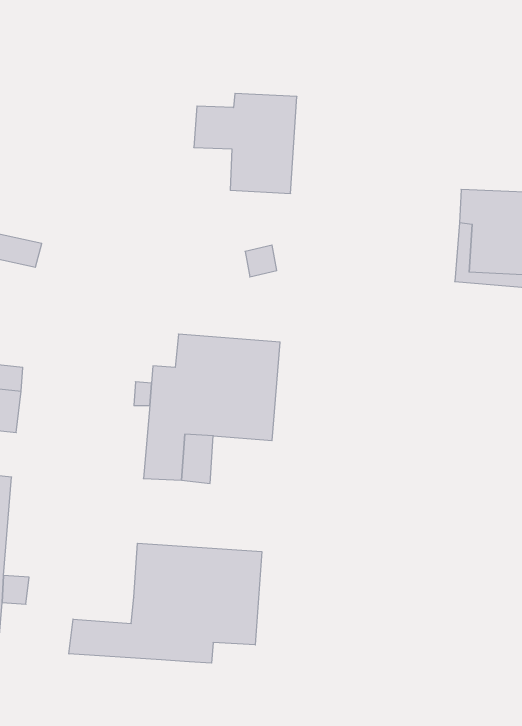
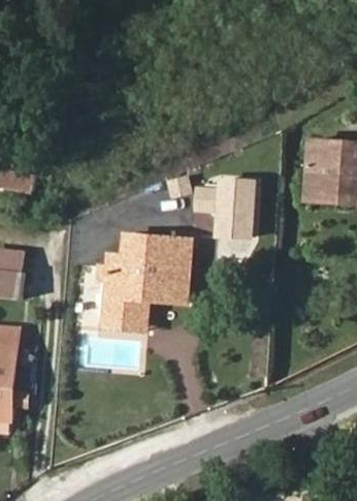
building: [194,93,297,193] -> [191,178,258,243]
building: [69,543,262,663] -> none

